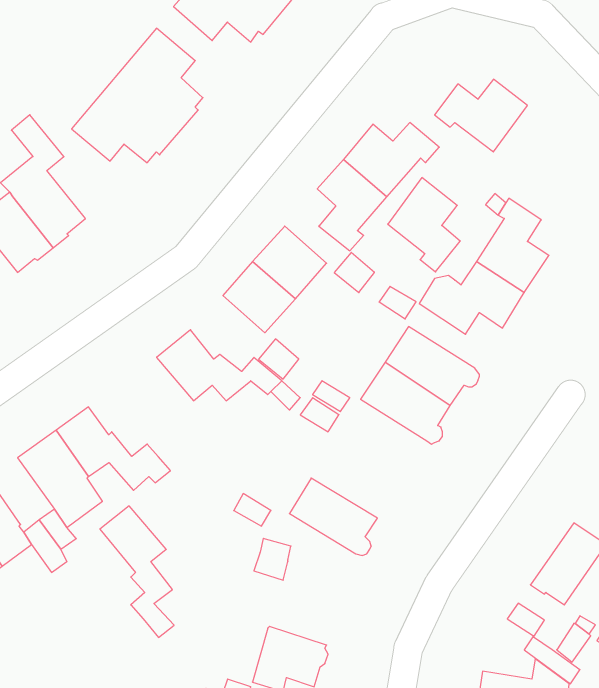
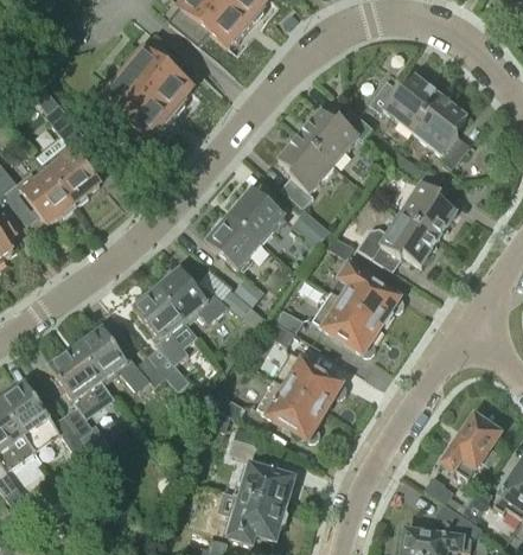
building: [388,178,460,272] -> [414,95,470,167]
building: none -> [274,352,346,412]
building: [100,506,174,637] -> [133,288,190,389]
building: none -> [234,464,295,509]

